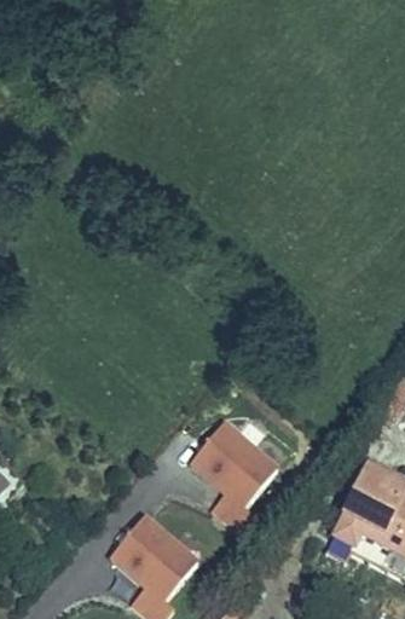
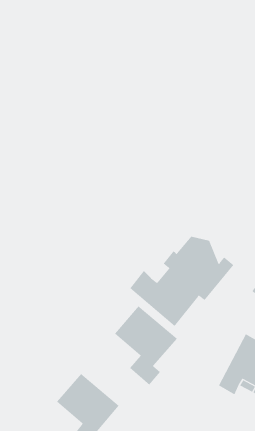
building: none -> [129,236,234,327]

